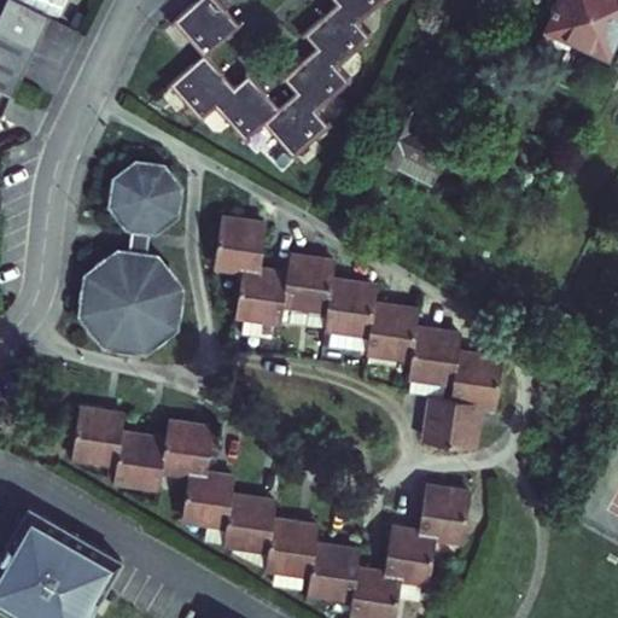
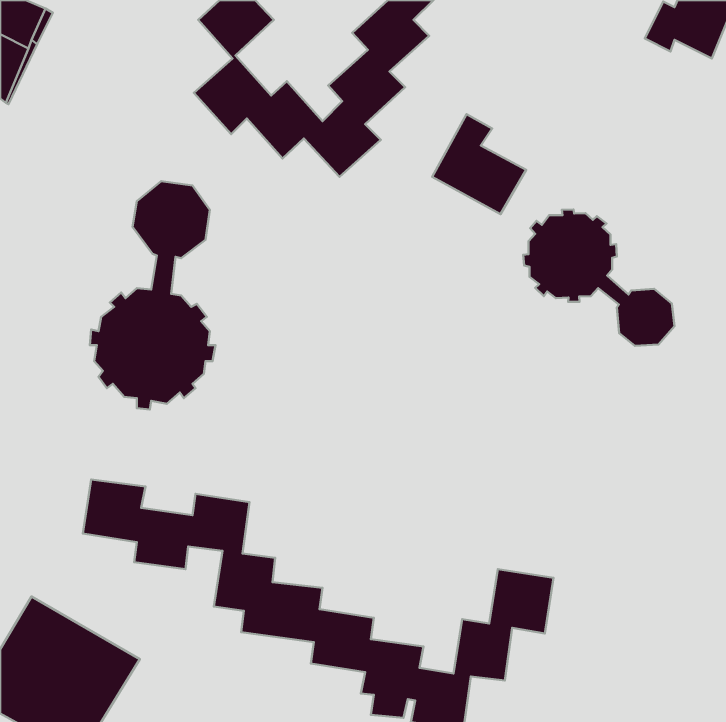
building: none -> [523,210,674,346]
building: [215,216,503,448] -> none

